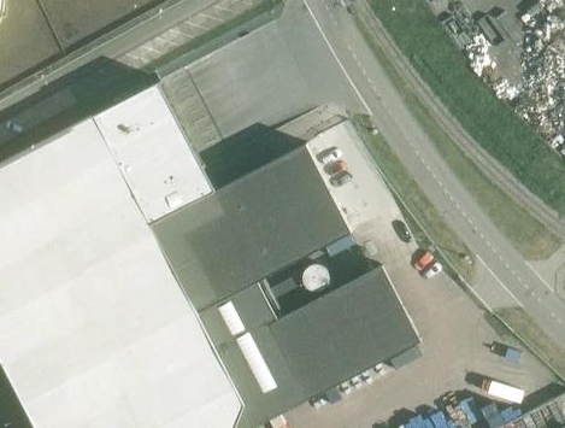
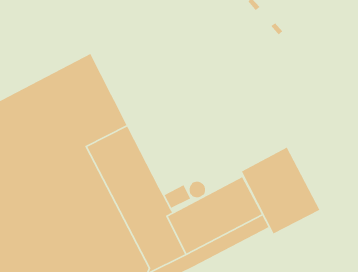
building: [213,145,352,282] -> none
building: none -> [241,147,320,235]

